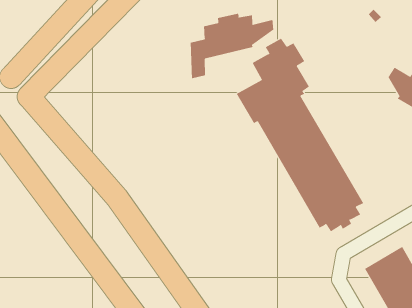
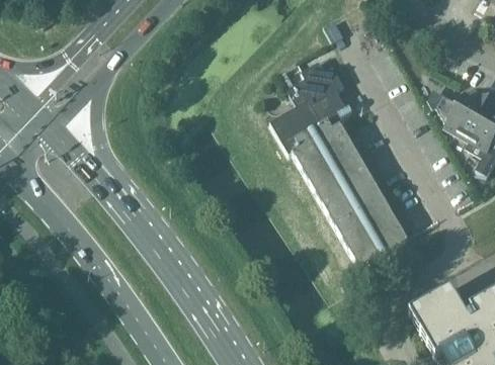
building: [190,13,274,79] -> none

